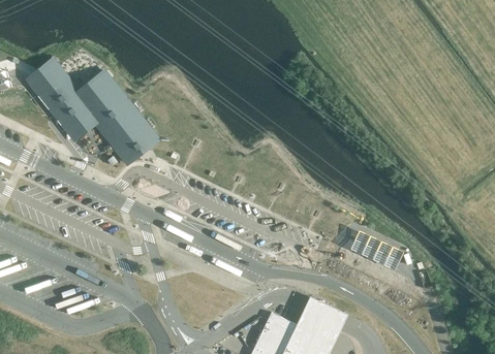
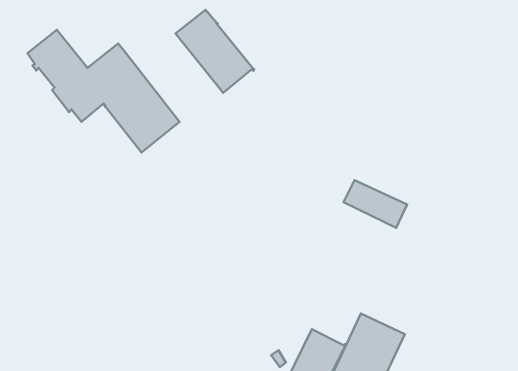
building: none -> [176,10,254,93]
building: [349,231,403,271] -> [344,180,407,228]

